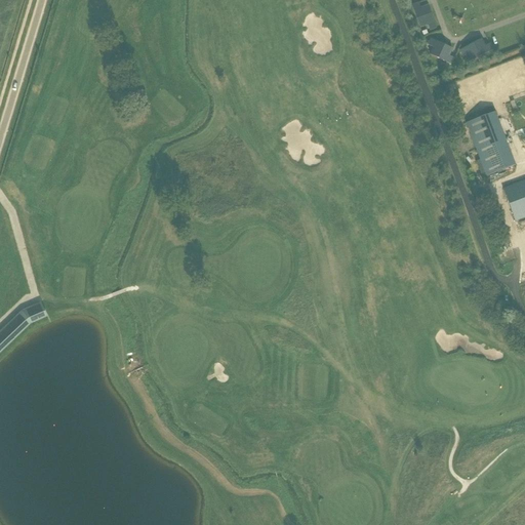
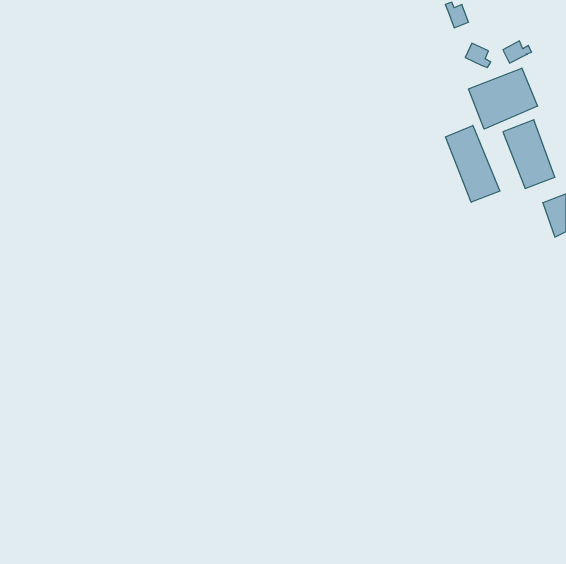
building: none -> [469,68,537,129]
building: none -> [446,125,500,202]

